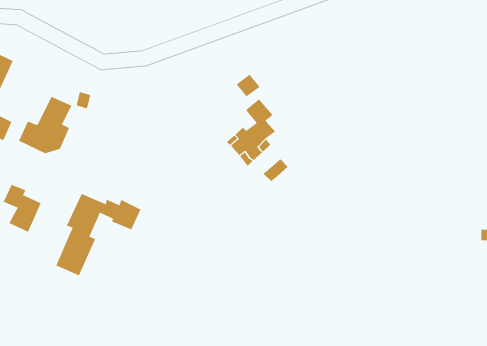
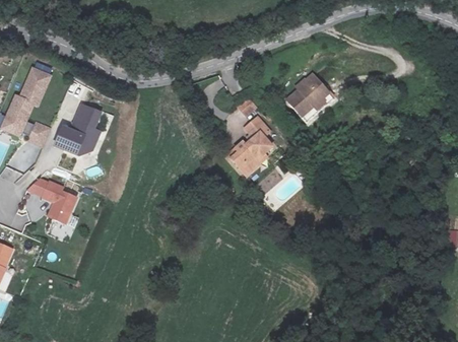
building: none -> [290,70,332,113]
building: [55,193,141,276] -> none

